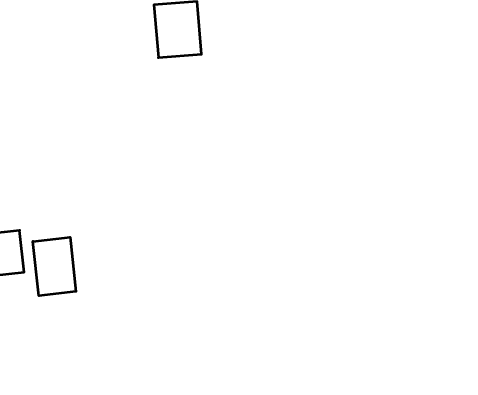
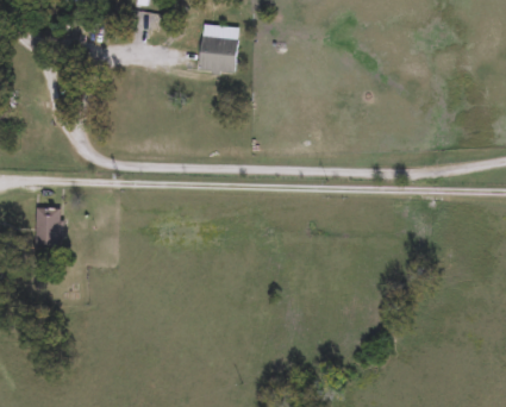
building: [33,237,76,296] -> none

